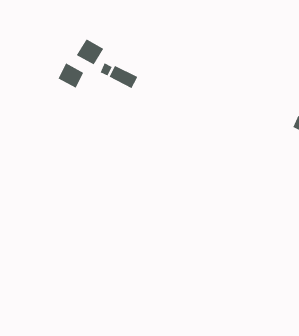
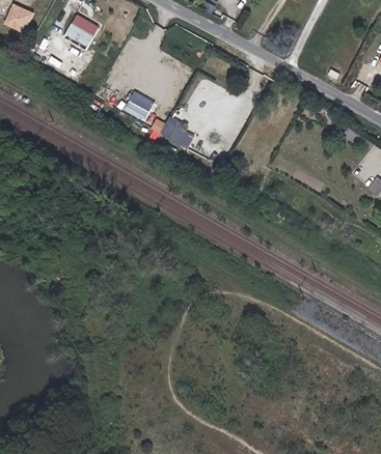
building: [58,63,84,89] -> none

